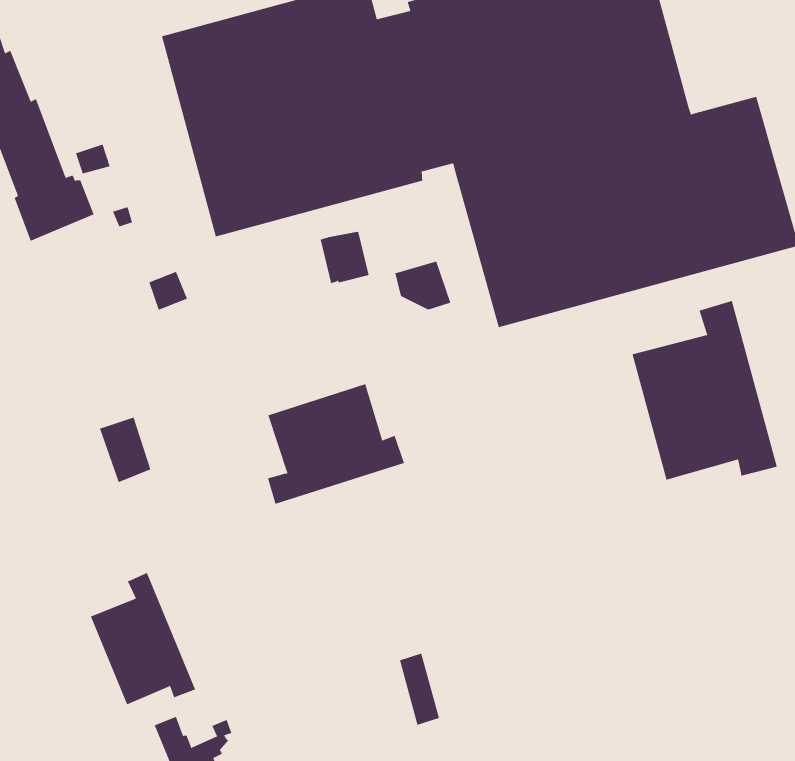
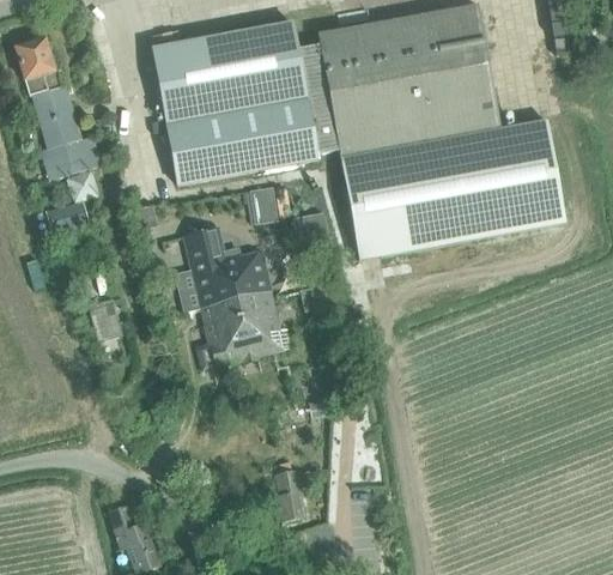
building: none -> [44,196,87,230]
building: none -> [175,226,268,309]
building: [632,300,778,481] -> none
building: [90,572,196,705] -> none

